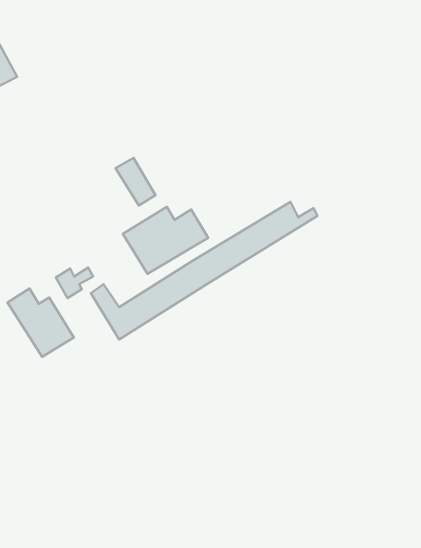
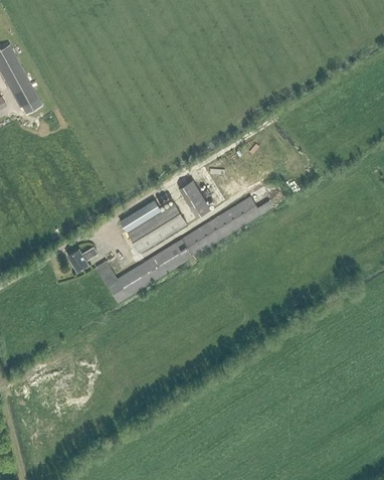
building: [116,158,155,205] -> [179,179,210,216]
building: [8,289,74,357] -> none

